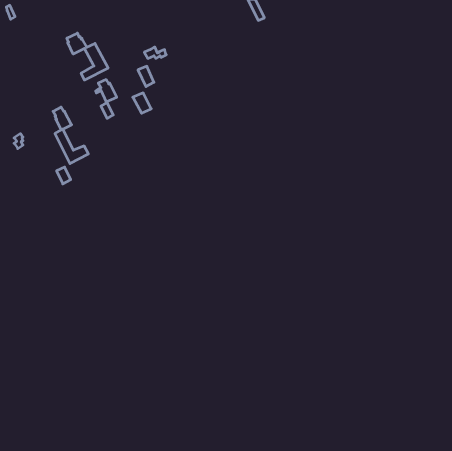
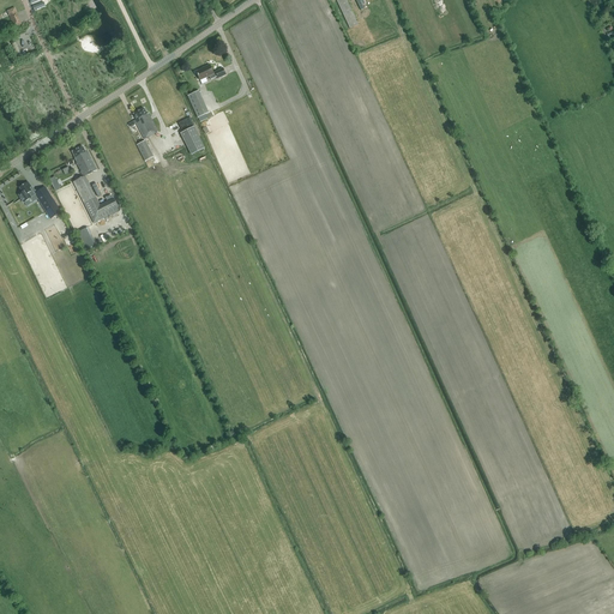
building: [67,33,108,80] -> none

